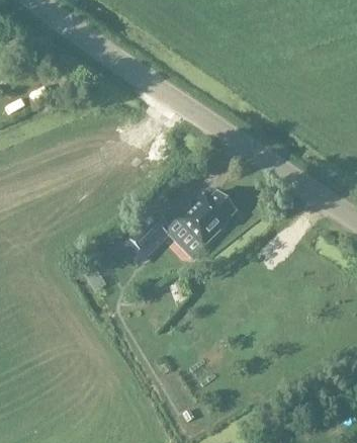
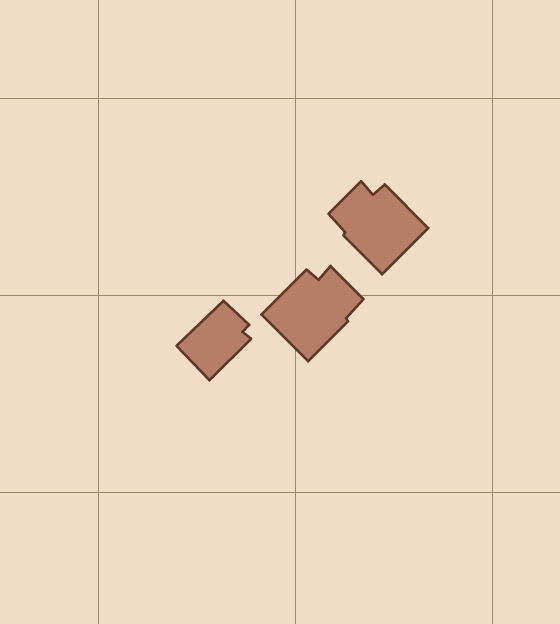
building: none -> [329,181,428,274]

